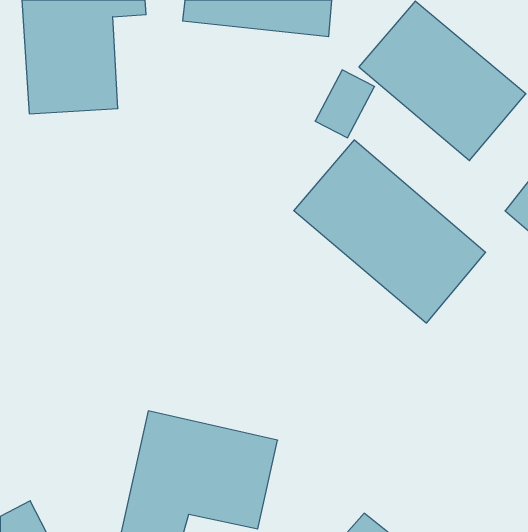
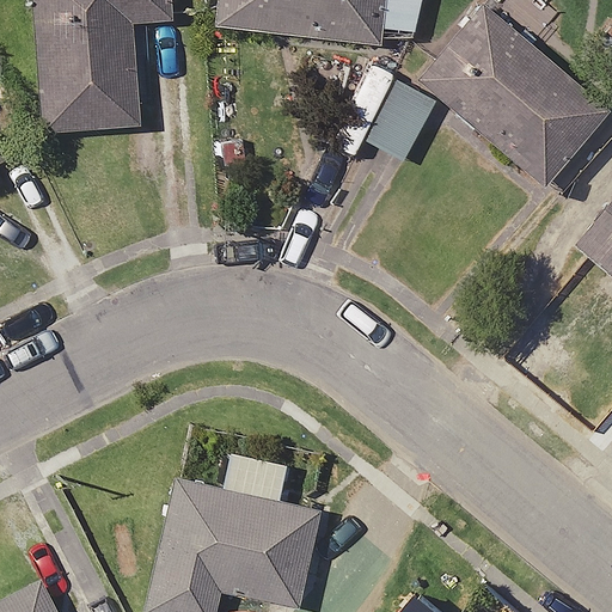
building: [294,140,486,323] -> none

